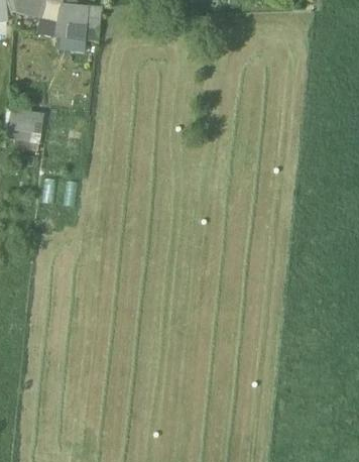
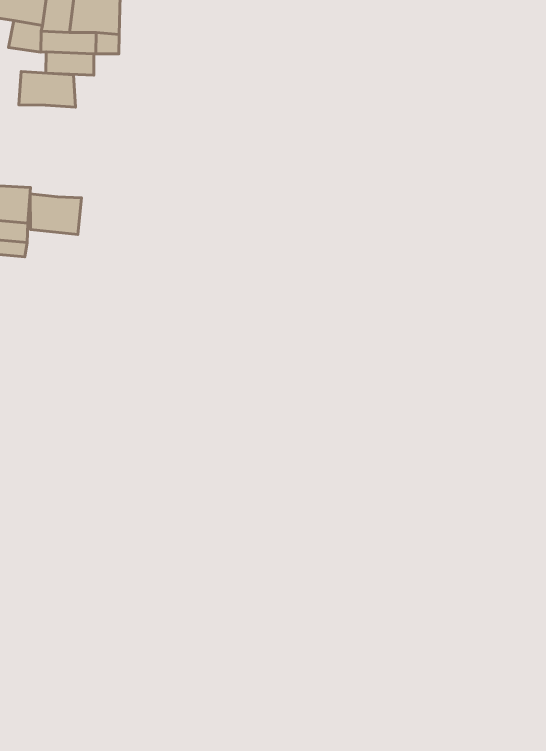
building: none -> [19,72,76,107]
building: none -> [30,194,82,235]

